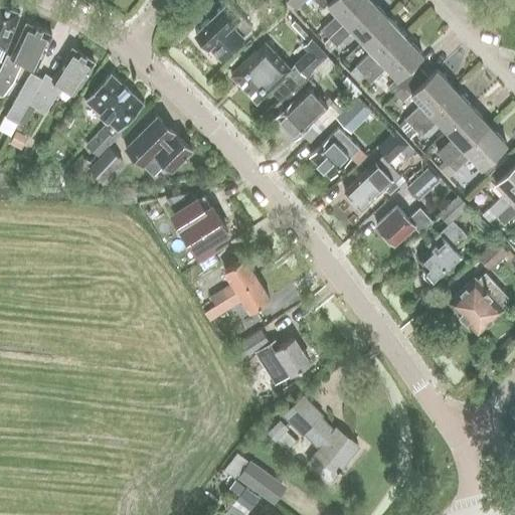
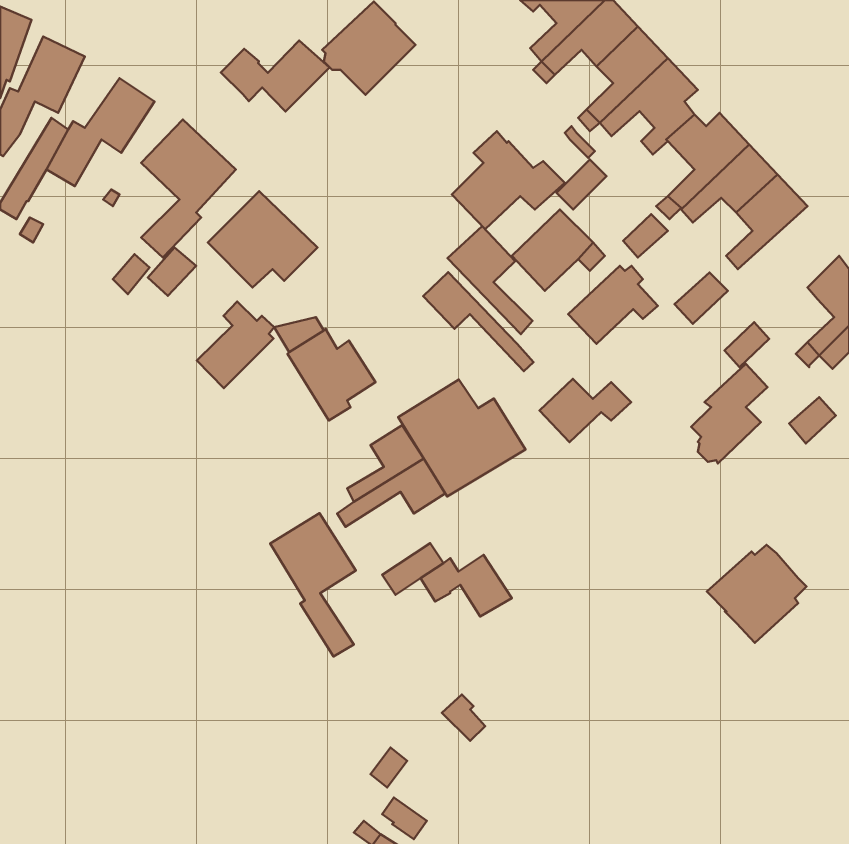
building: none -> [221,40,330,111]
building: [294,41,326,77] -> none
building: [230,47,290,104] -> none
building: [447,128,506,174] -> none
building: none -> [447,226,532,334]
building: none -> [423,272,533,371]
building: none -> [197,301,274,388]
building: [376,208,432,246] -> [540,379,631,442]
building: none -> [398,380,526,496]
building: [448,276,508,335] -> [707,545,806,643]
building: none -> [270,513,356,657]
building: [284,398,358,482] -> none
building: [236,464,286,506] -> none

